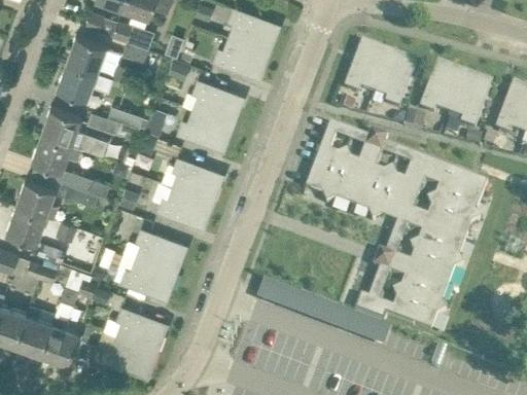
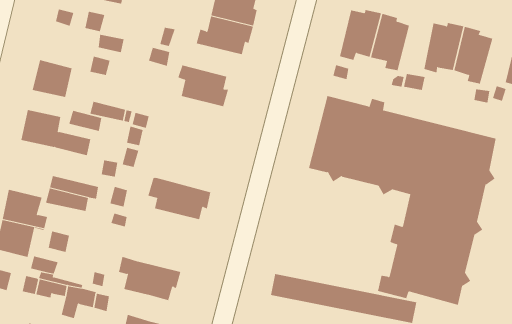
building: [67,35,107,73] -> none
building: [179,110,234,150] -> none
building: [31,135,102,173] -> none
building: [162,158,220,203] -> none
building: [137,229,183,274] -> none

